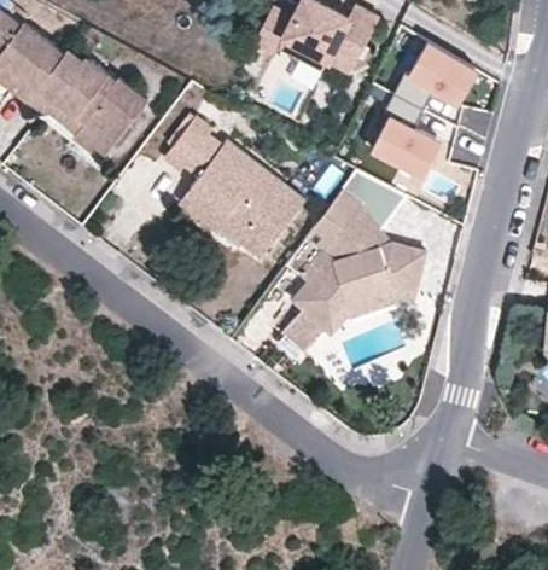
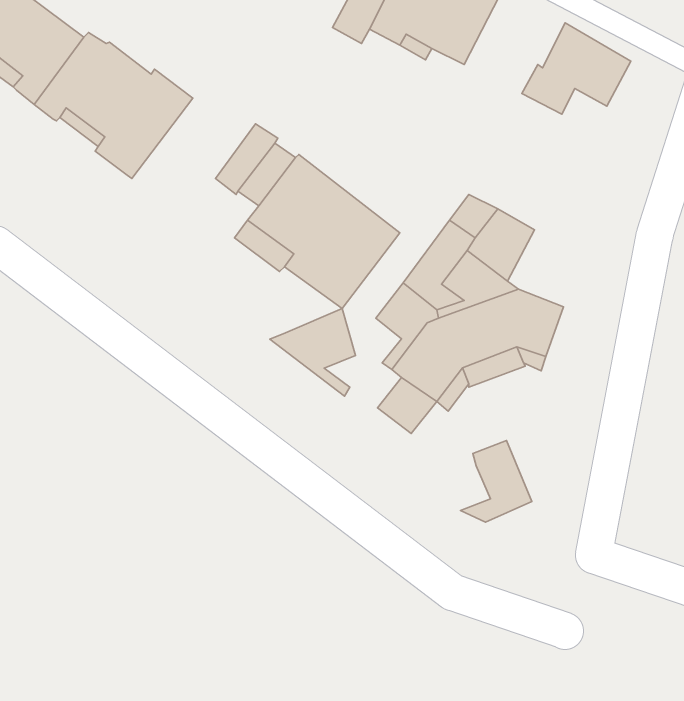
building: [372,95,441,178] -> none
building: none -> [270,308,356,396]
building: none -> [461,441,532,522]

